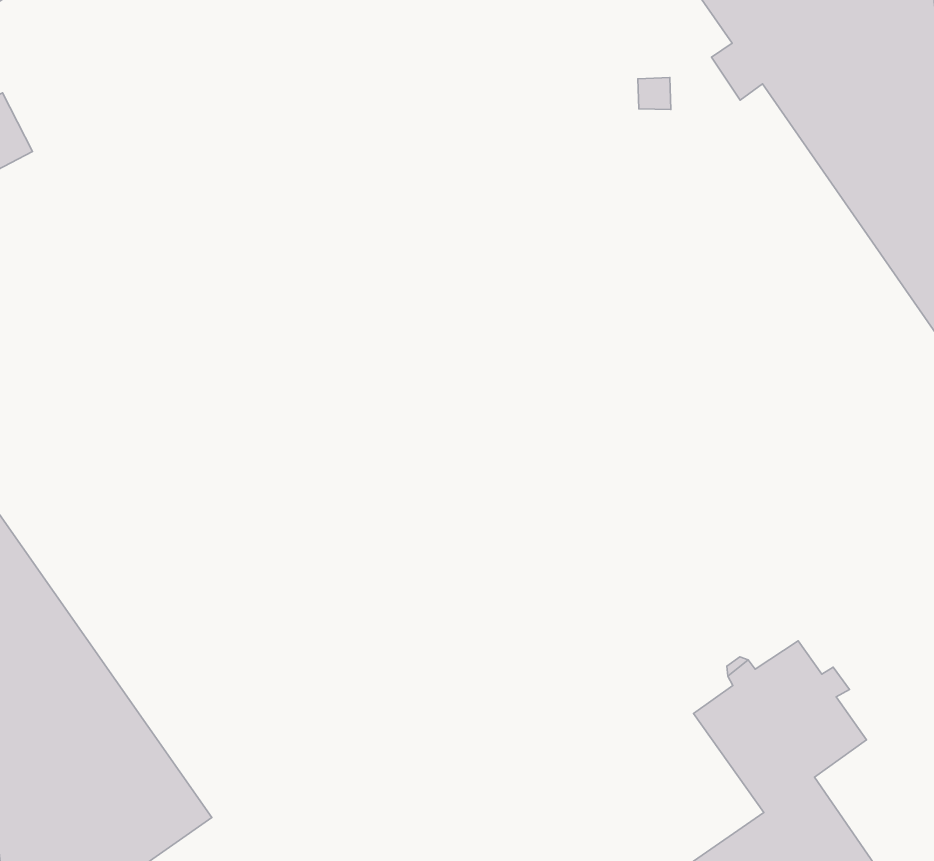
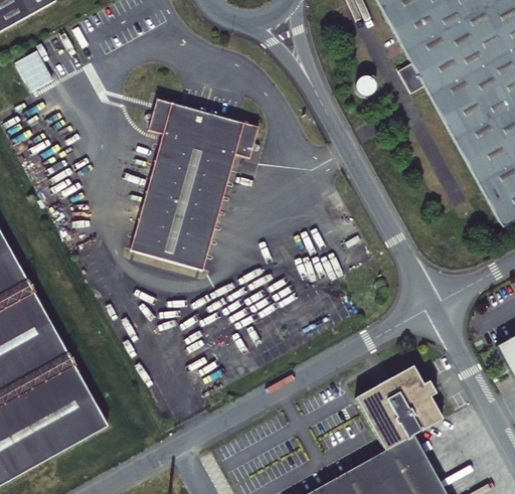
building: none -> [132,96,260,268]

